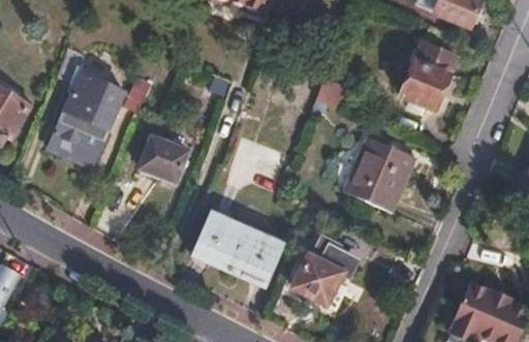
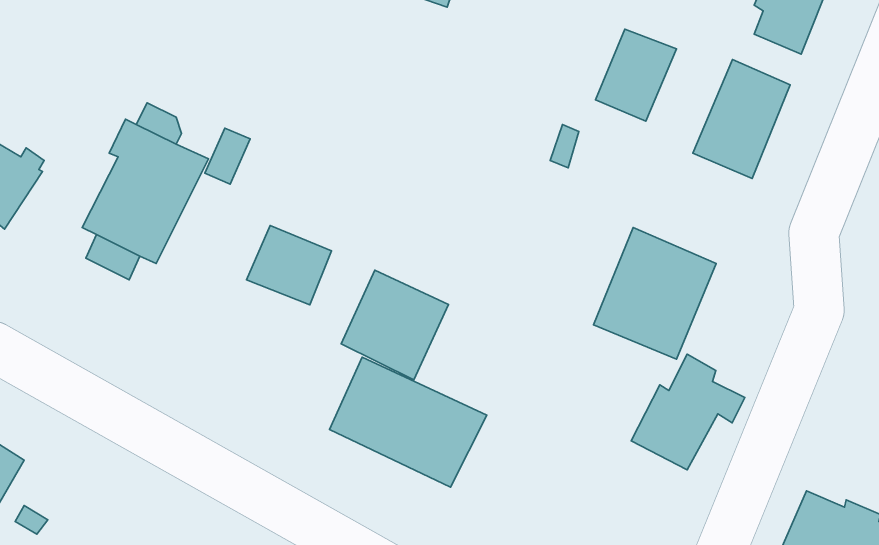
building: none -> [596,29,677,121]
building: none -> [341,270,449,380]
building: [292,236,357,302] -> [631,354,745,470]

